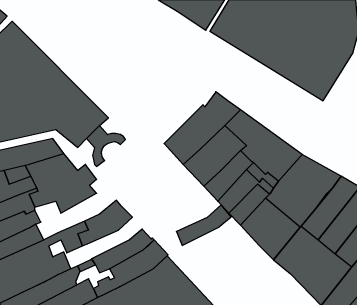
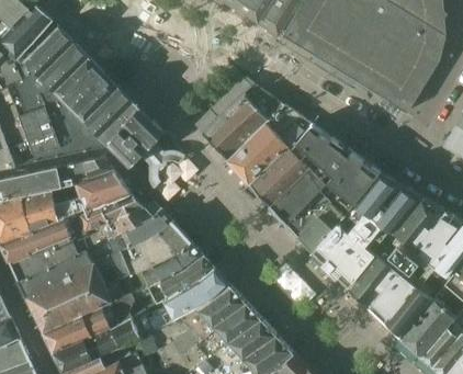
building: none -> [201,82,283,159]
building: none -> [83,207,173,265]
building: [176,205,231,245] -> [142,240,202,285]

